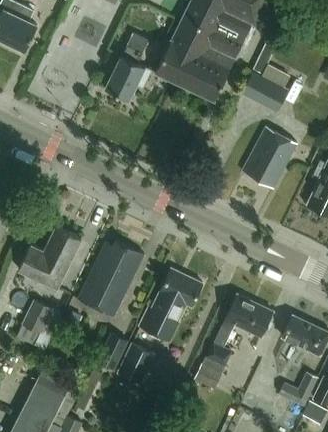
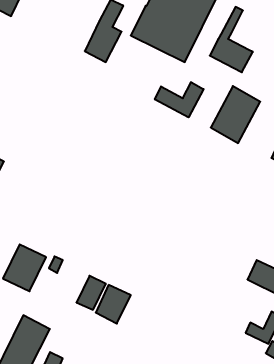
building: none -> [155,82,204,117]
building: [18,227,81,289] -> none
building: [78,241,144,316] -> none
building: [139,269,202,343] -> none
building: [195,295,273,389] -> none

